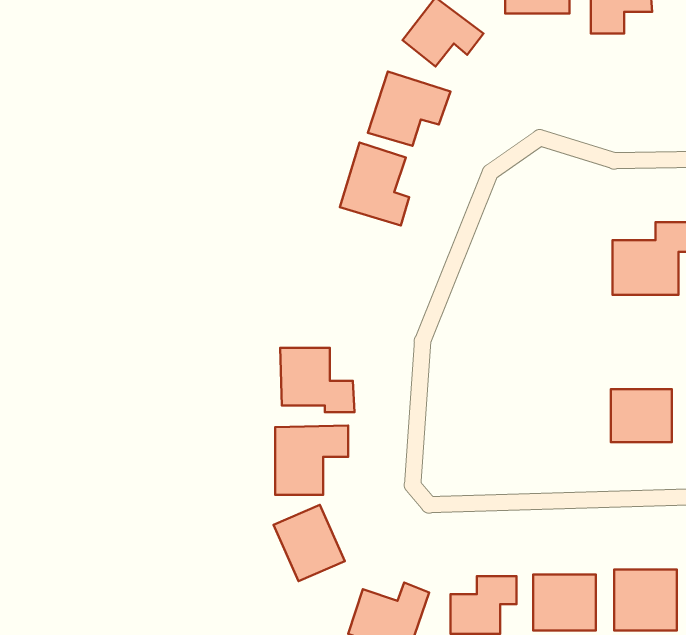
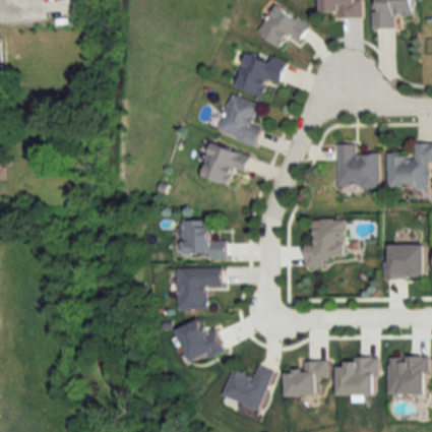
building: none -> [200,142,249,185]
building: none -> [335,143,376,188]
building: none -> [303,219,344,267]

